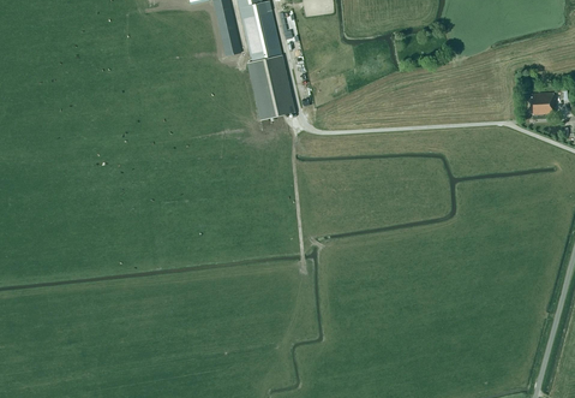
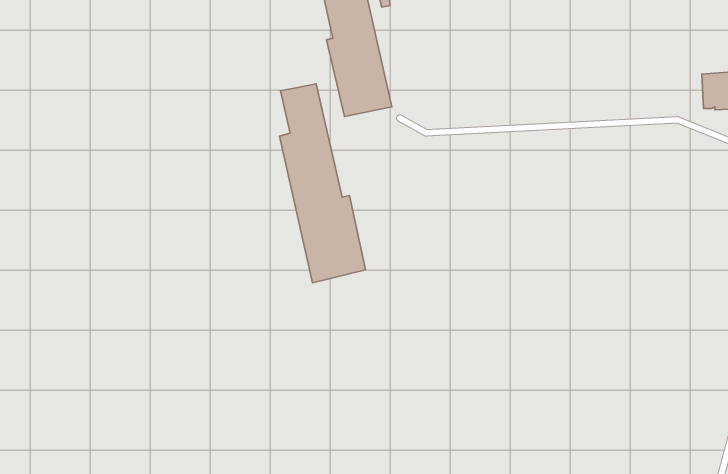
building: none -> [279,84,366,283]

